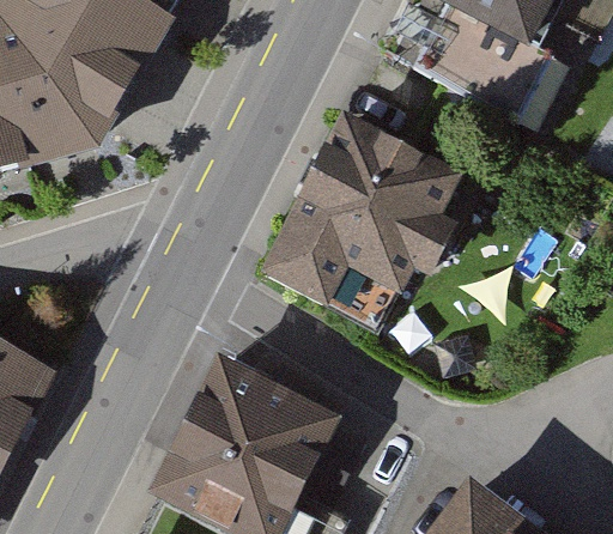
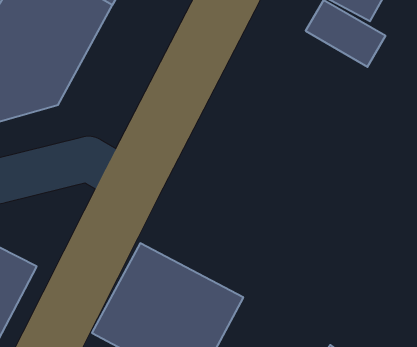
building: [256,119,460,302] -> none

